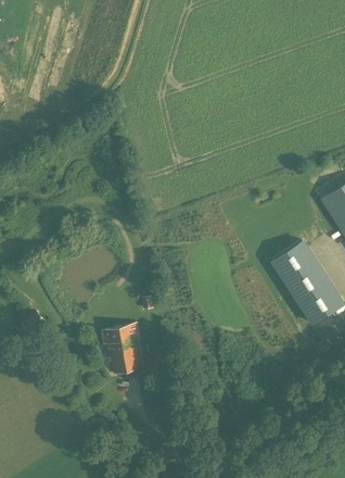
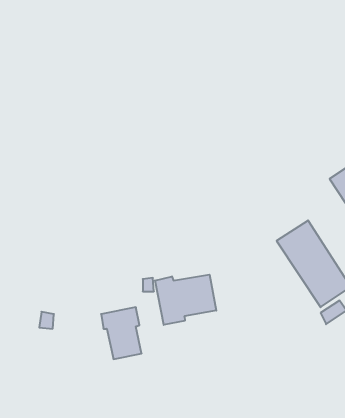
building: none -> [155,275,216,325]

